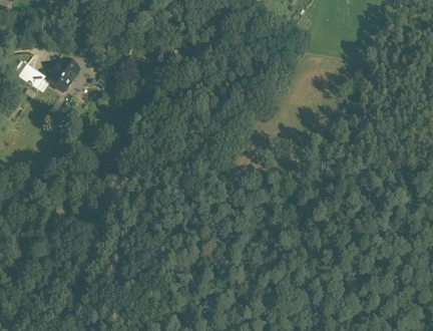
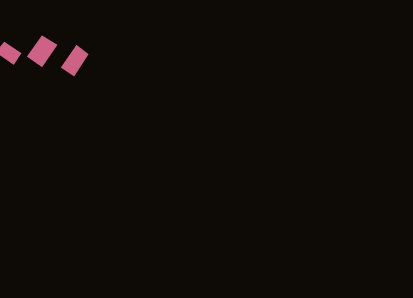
building: none -> [60,44,90,78]

